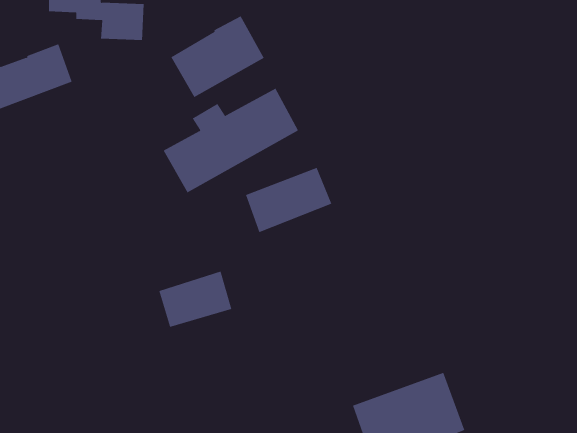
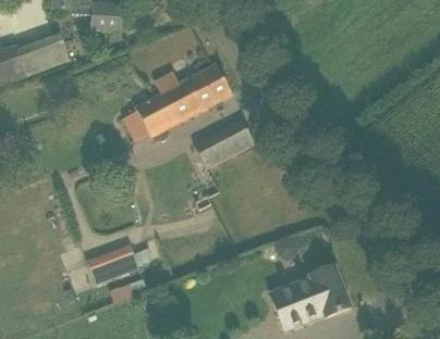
building: [171,16,265,98] -> none
building: [159,271,232,327] -> [86,243,138,284]

